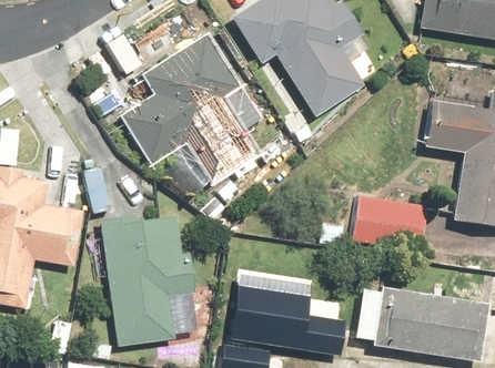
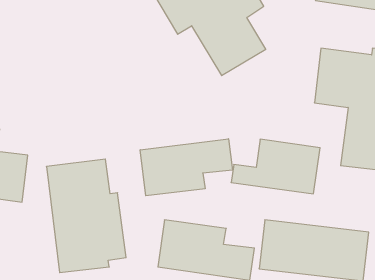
building: [117,33,260,182] -> none
building: none -> [140,139,232,196]

